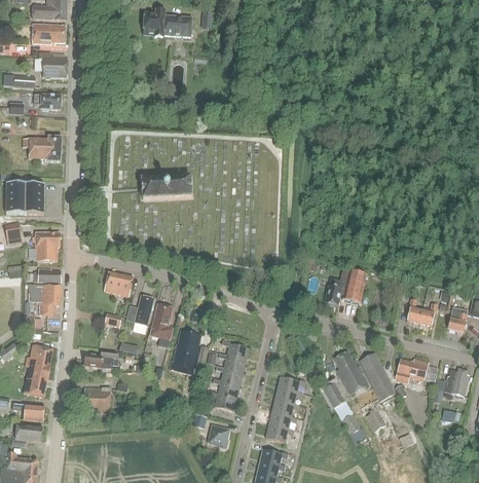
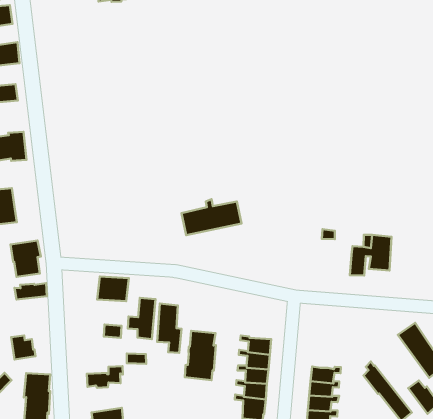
building: [140,171,190,198] -> [182,199,241,235]
building: [29,284,60,314] -> none
building: [333,350,367,395] -> none

